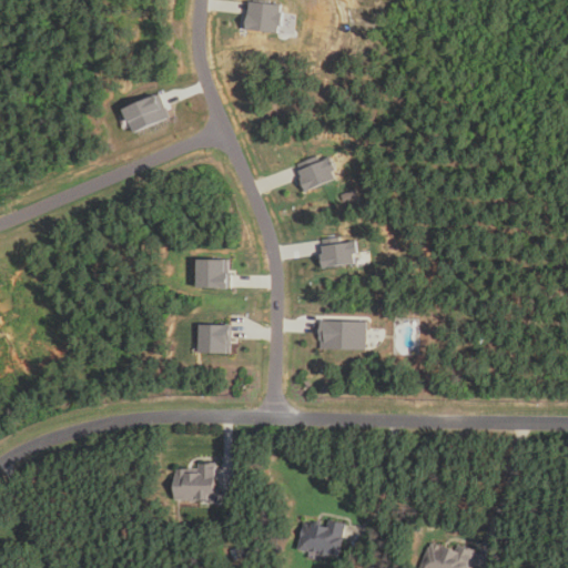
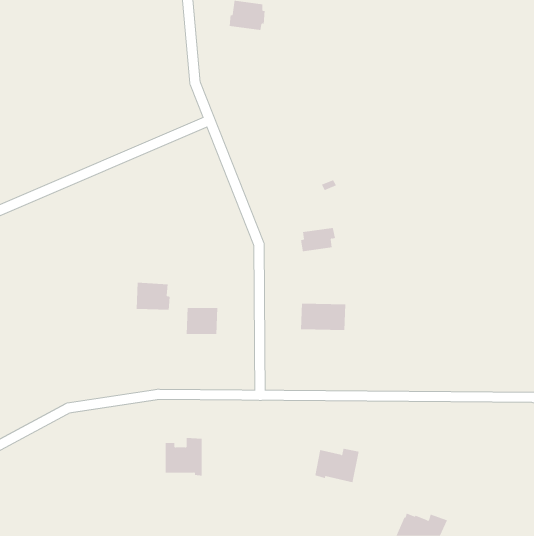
building: [121,92,169,132] -> none
building: [296,155,333,190] -> none
building: [193,258,230,288] -> [136,282,171,310]
building: [296,520,344,557] -> [314,448,359,483]

